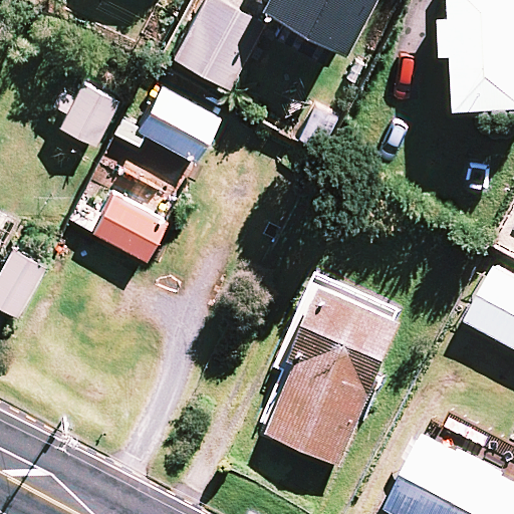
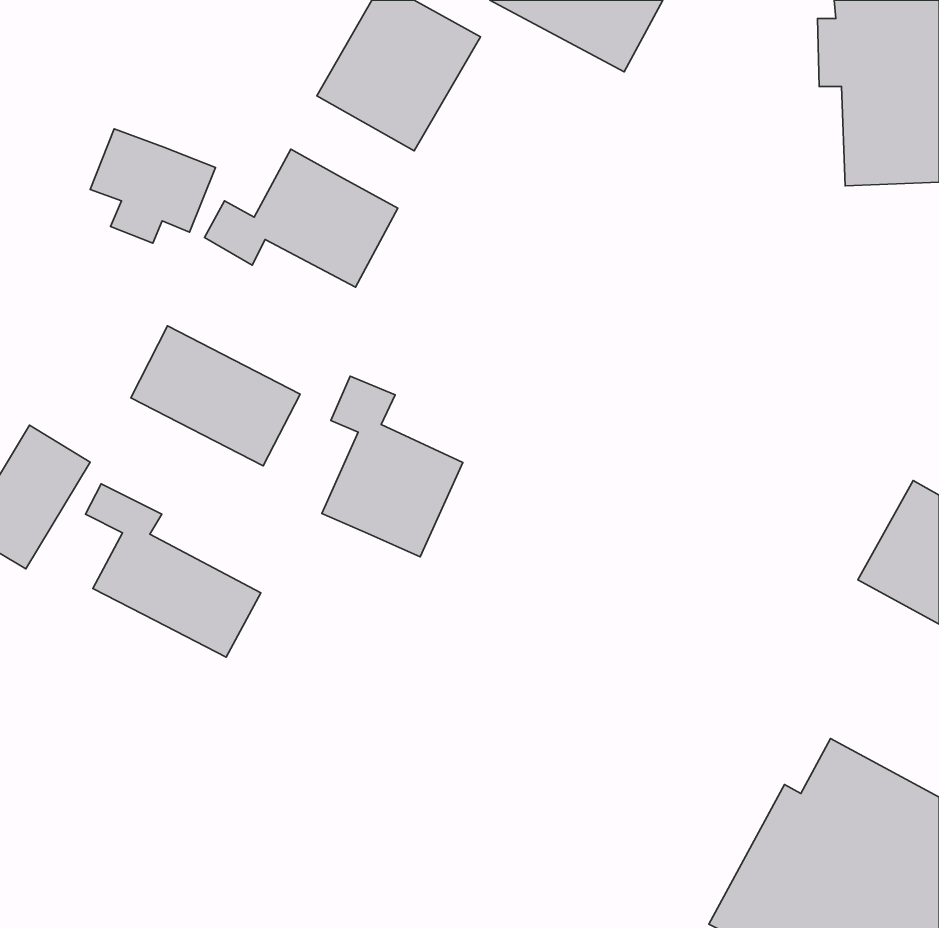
building: none -> [322,376,463,557]
building: none -> [85,484,261,657]
building: [261,272,409,466] -> none

